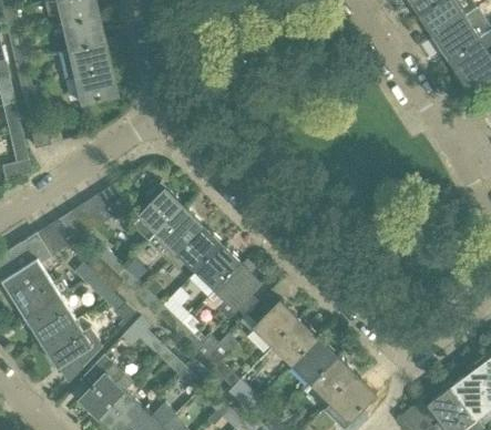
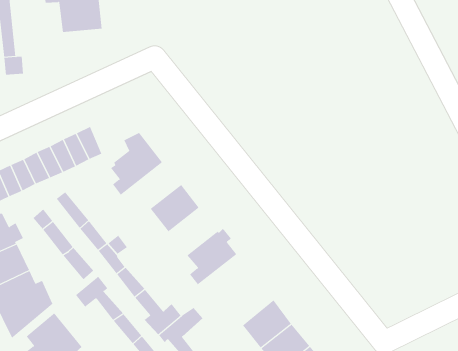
building: [150,209,204,264] -> none
building: [197,246,242,290] -> none
building: [255,301,299,347] -> none

